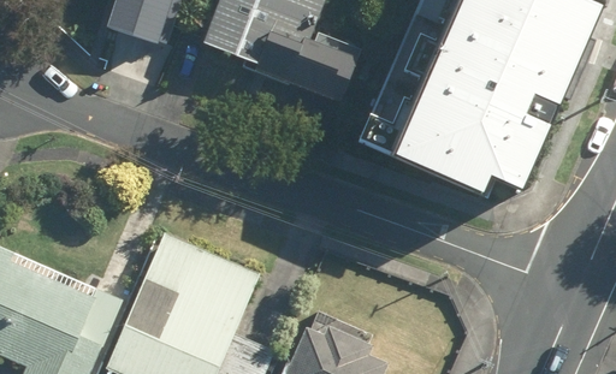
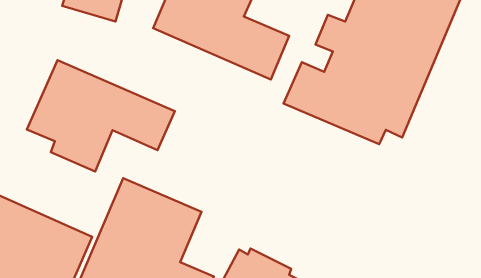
building: none -> [27,60,175,171]

